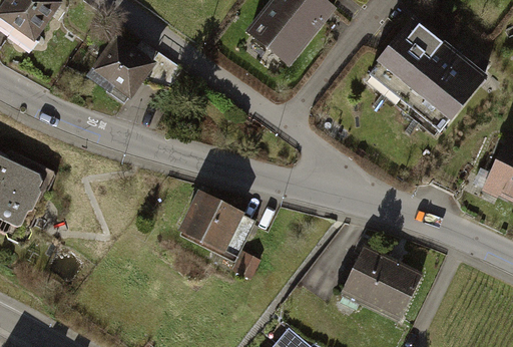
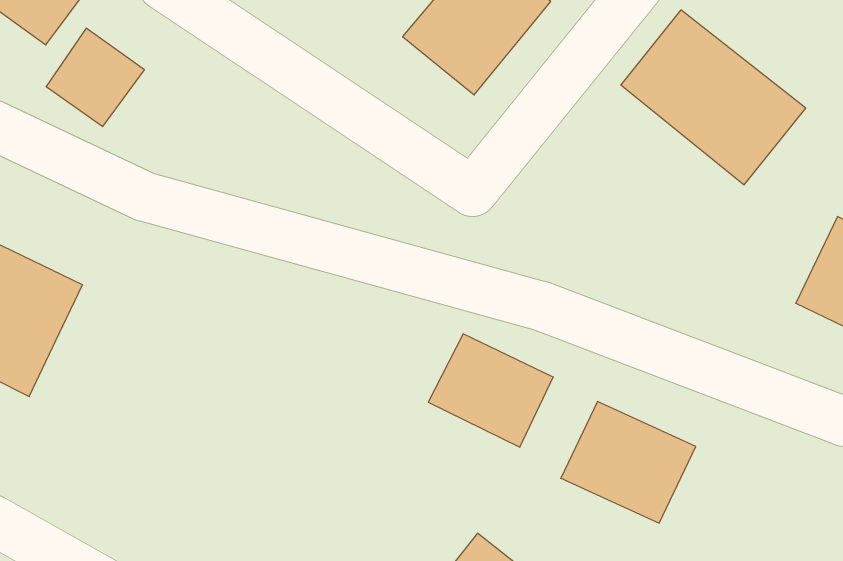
building: [91,35,150,94] -> [46,28,144,127]
building: [177,194,252,262] -> [428,334,553,447]

